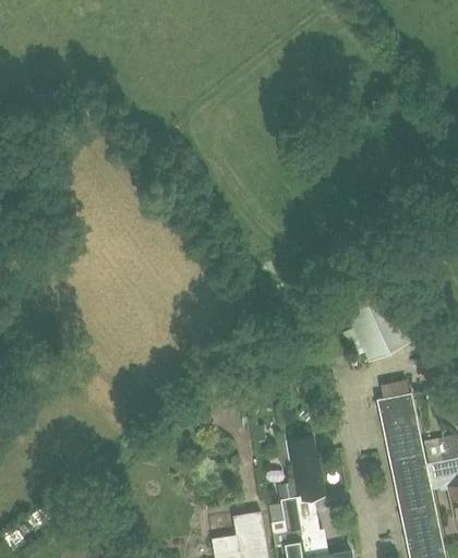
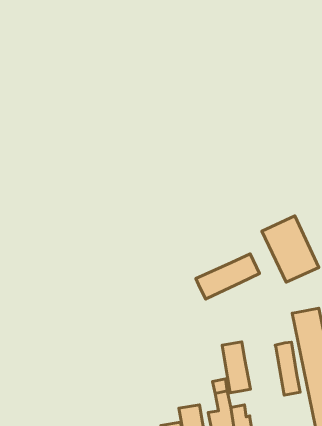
building: none -> [196,254,259,299]
building: none -> [275,342,300,395]

